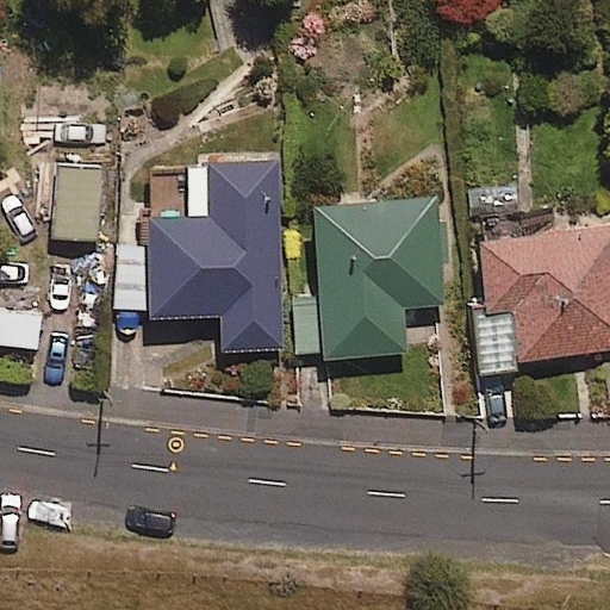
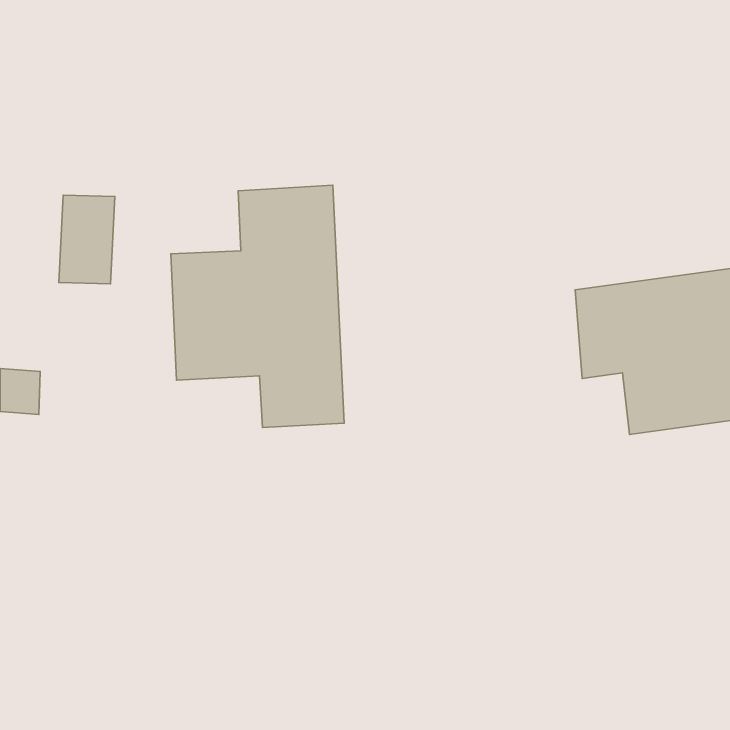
building: [297,195,449,360] -> none

